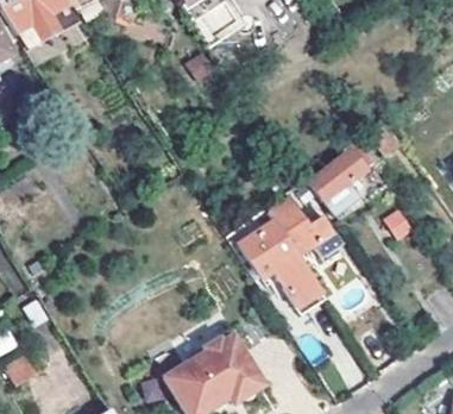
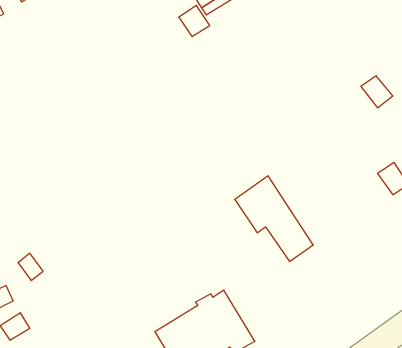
building: [306,134,372,197] -> none
building: [268,192,340,250] -> none

